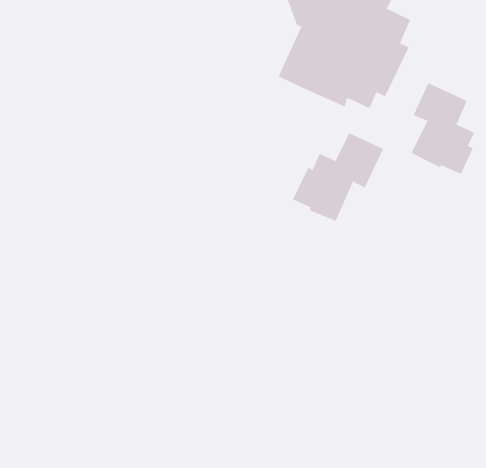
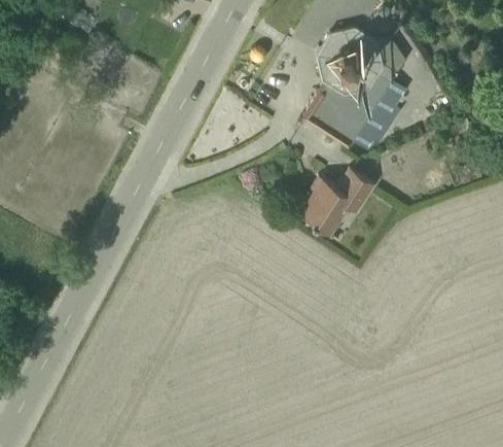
building: [411,83,475,175] -> none

